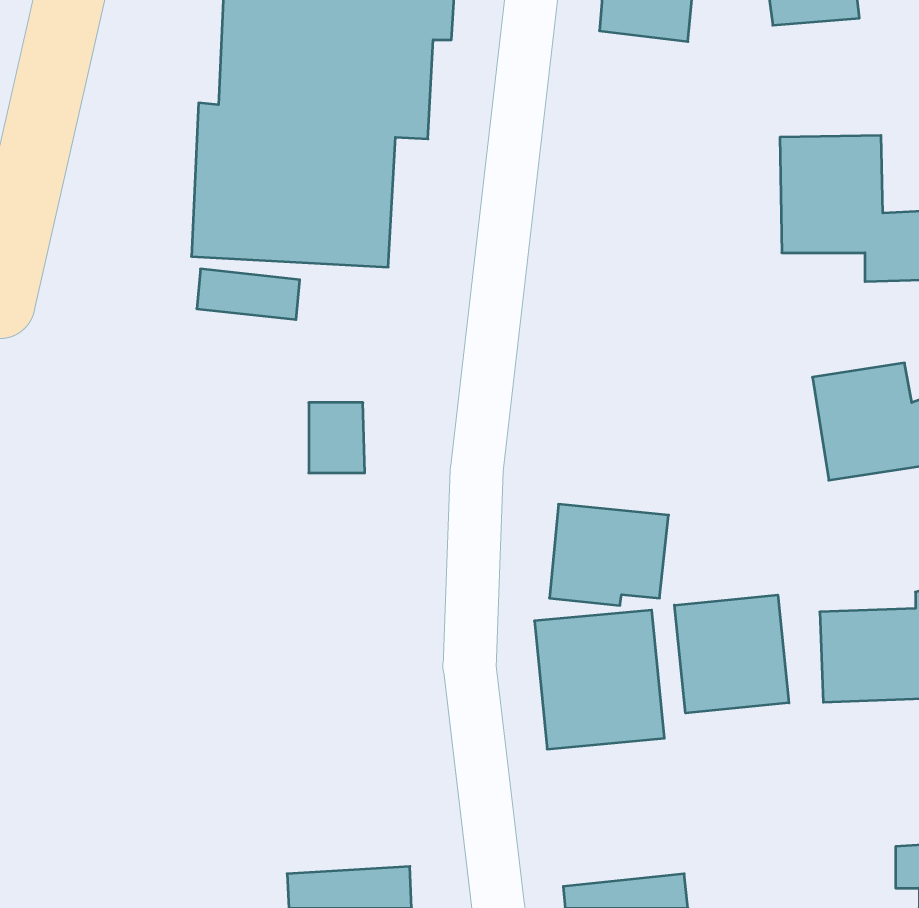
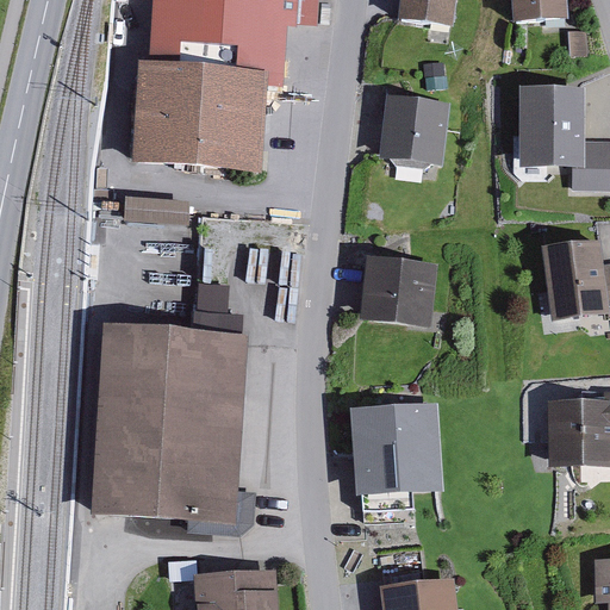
building: none -> [381,98,454,160]
building: none -> [93,322,253,516]
building: [549,504,669,605] -> [359,261,437,328]
building: [674,595,789,713] -> none

